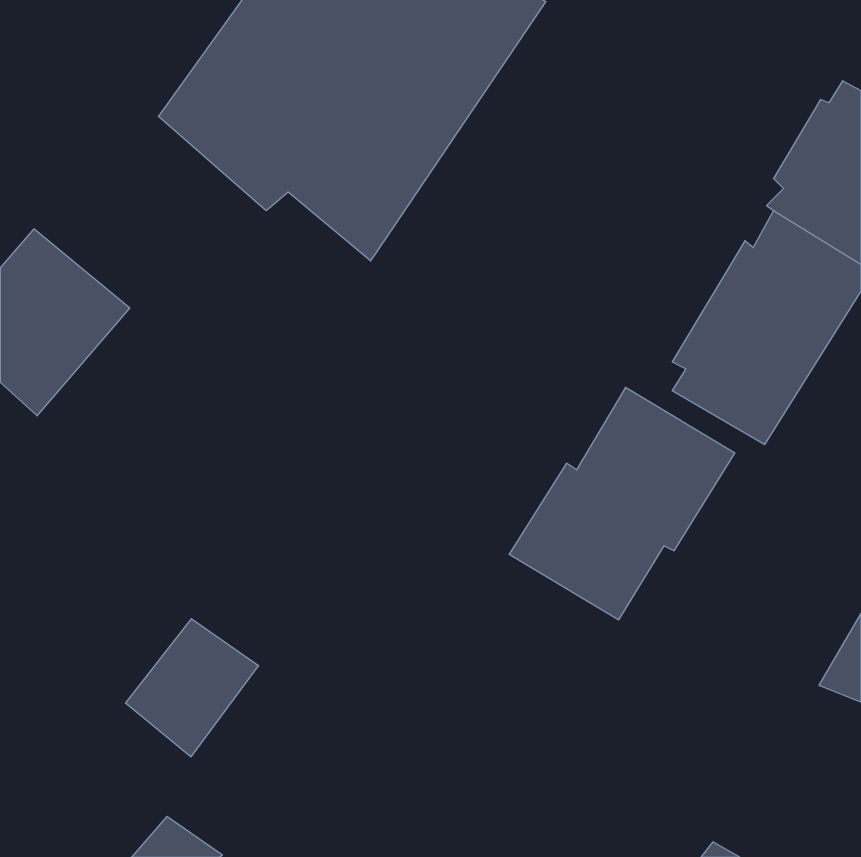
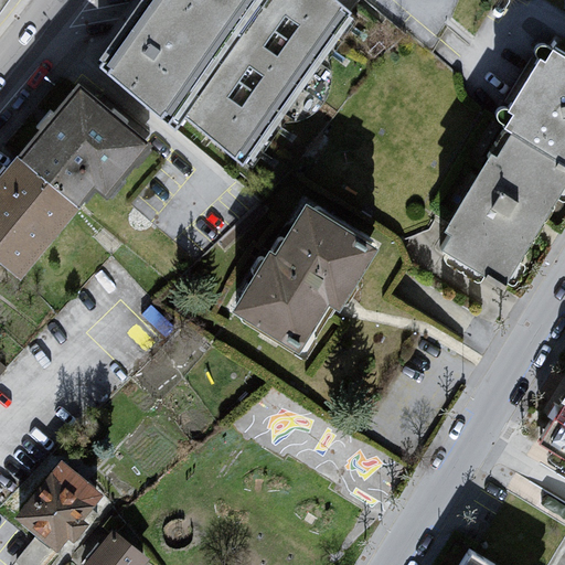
building: none -> [22,82,153,202]
building: [509,387,735,620] -> [231,191,379,343]
building: [125,619,259,757] -> [12,466,99,556]

